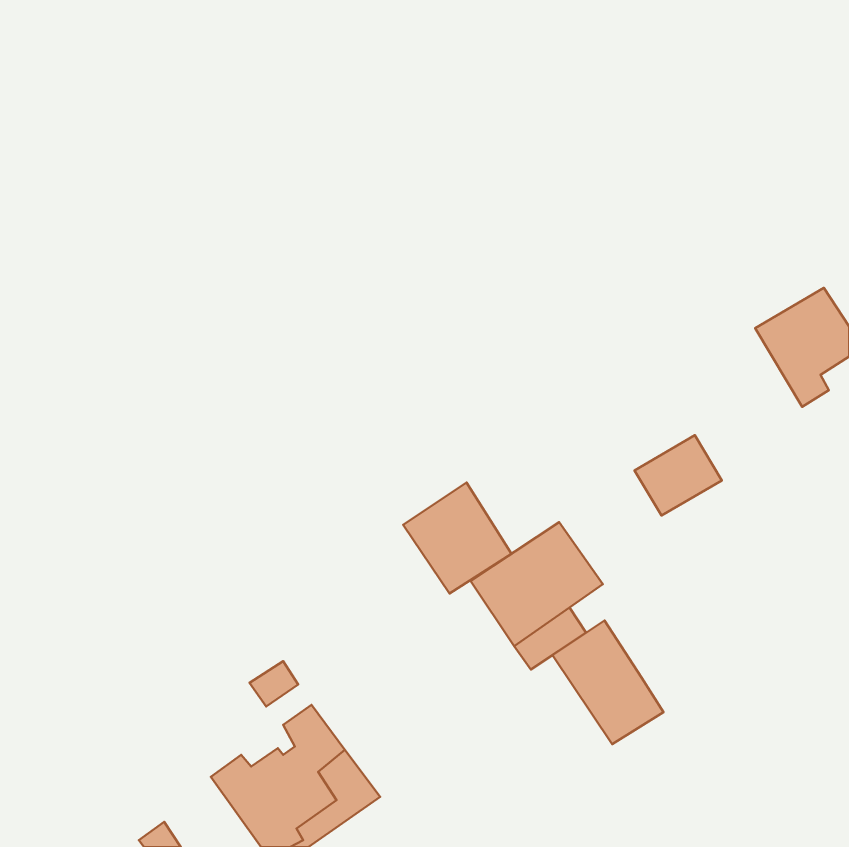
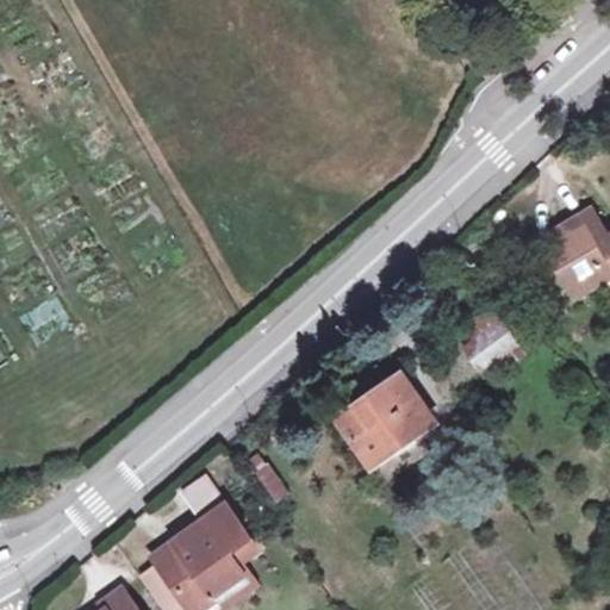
building: [403,482,511,593] -> none
building: [552,620,664,744] -> none

